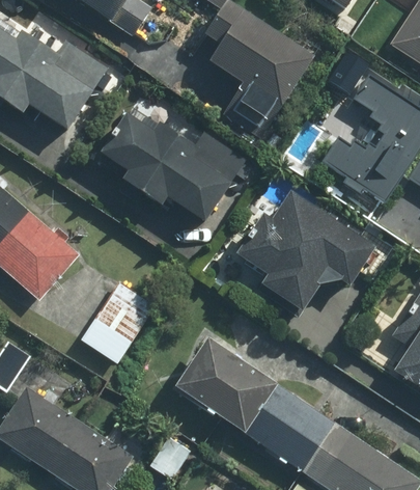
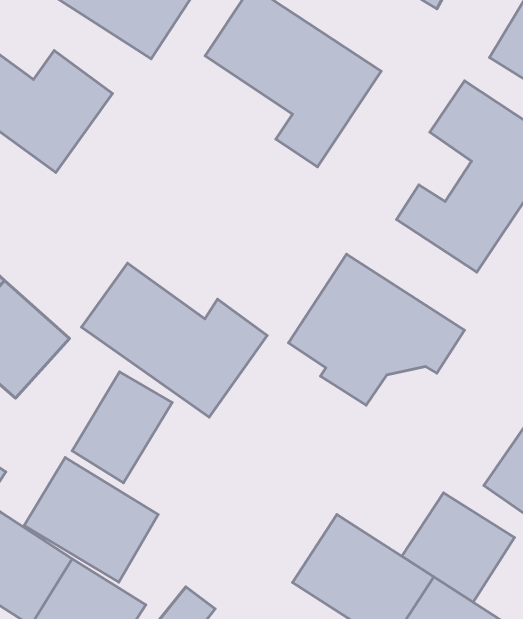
building: [102,104,241,219] -> [82,263,267,417]
building: [172,339,278,437] -> none
building: none -> [24,458,158,582]
building: none -> [402,493,514,602]

